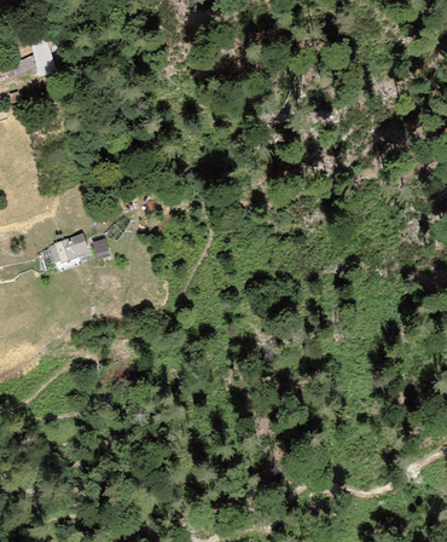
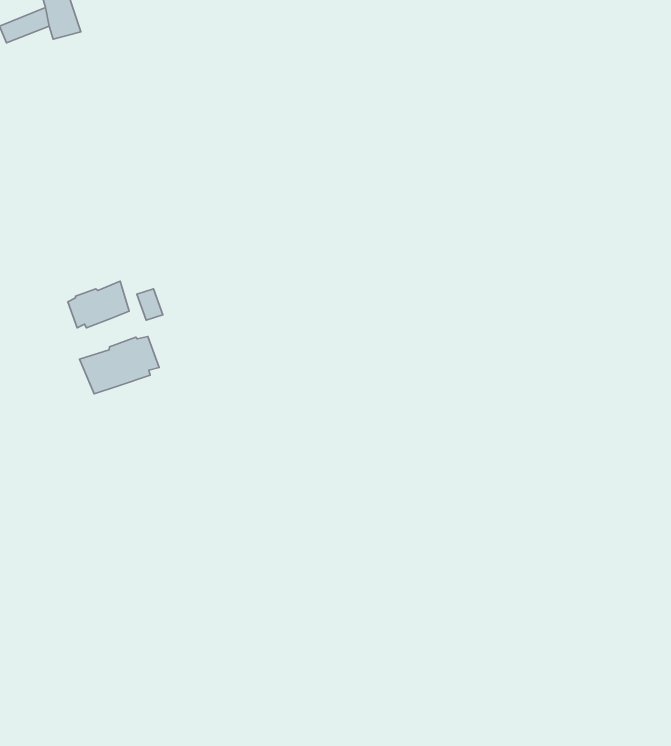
building: none -> [80,336,159,394]

